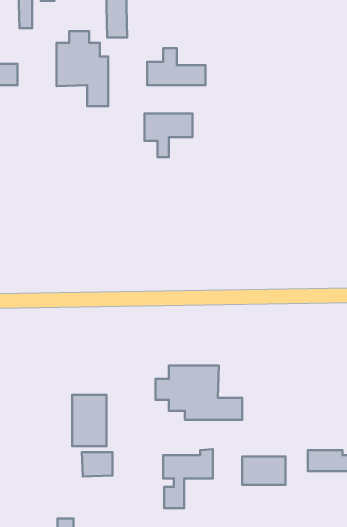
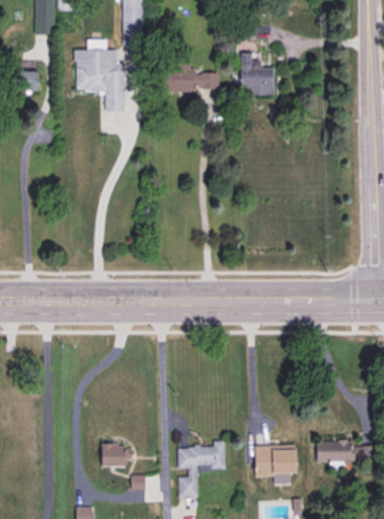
building: none -> [241,53,275,94]
building: [145,113,192,157] -> none
building: [156,365,242,420] -> none
building: [72,395,106,446] -> none

